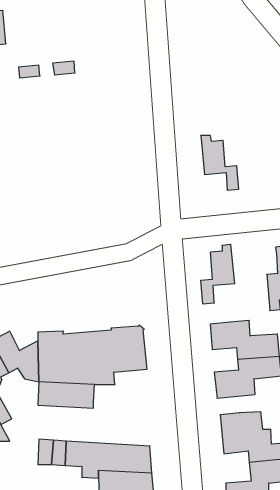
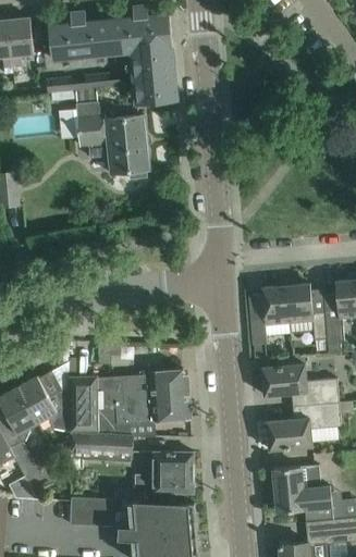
building: none -> [48,14,177,104]
building: none -> [75,102,149,177]
building: [201,136,239,190] -> [284,278,327,339]
building: none -> [112,453,193,499]

